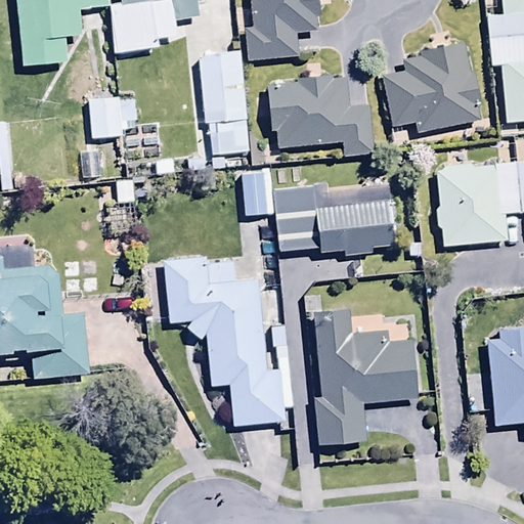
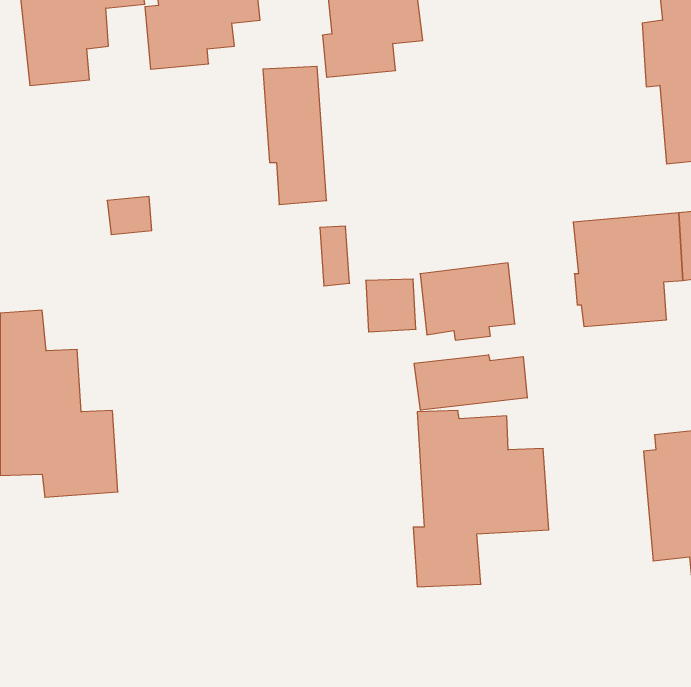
building: [381,40,484,133] -> none
building: [268,74,370,158] -> none
building: [90,96,136,137] -> none
building: [165,256,287,424] -> none
building: none -> [414,355,527,410]

